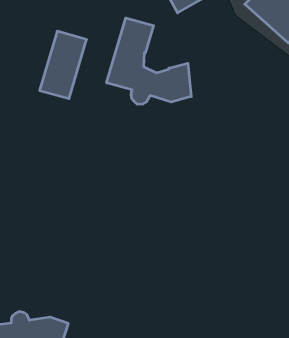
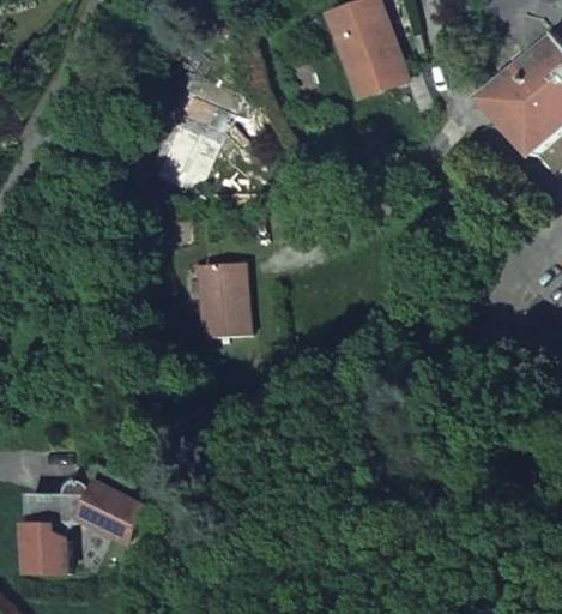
building: [107,18,191,104] -> none
building: none -> [200,261,250,336]

